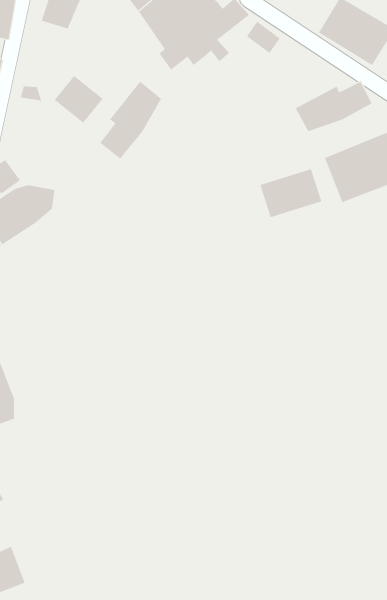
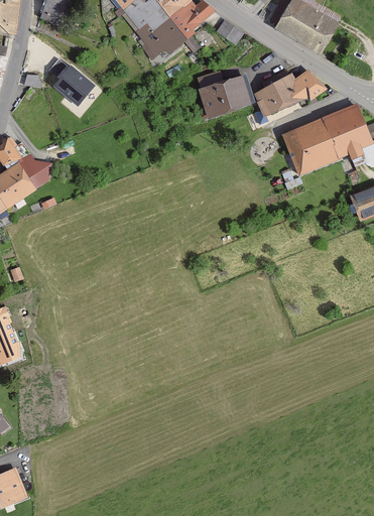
building: [100,81,162,160] -> none
building: [260,168,322,218] -> [200,76,253,118]

